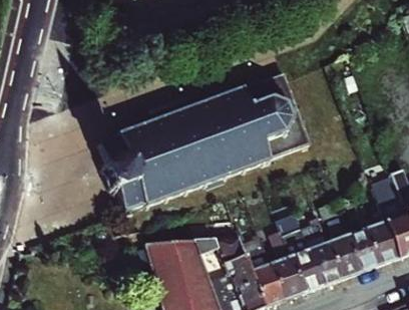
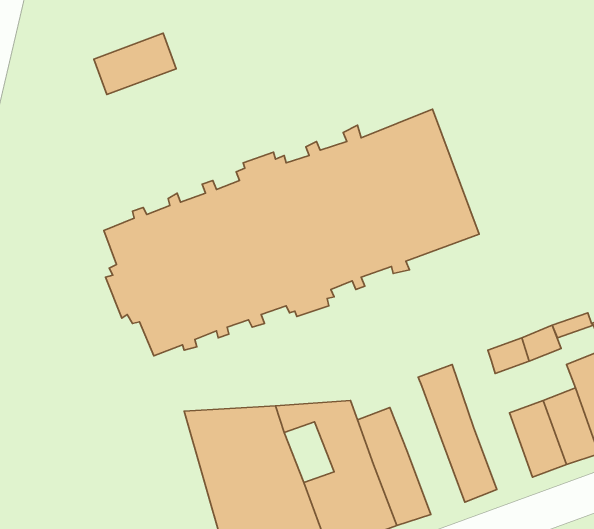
building: none -> [94,33,176,95]
building: [304,244,337,287] -> none
building: [267,259,299,301] -> none

